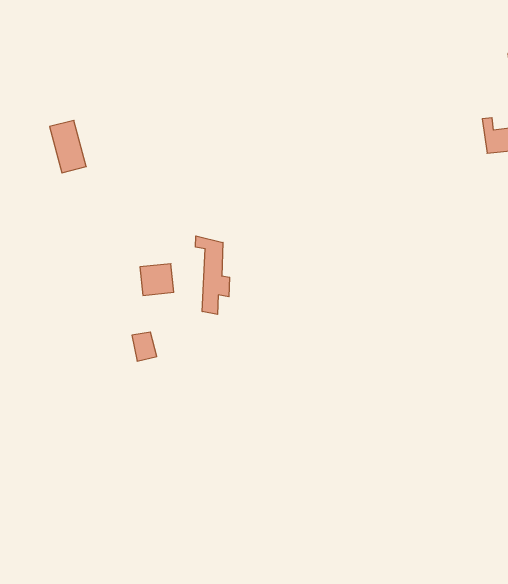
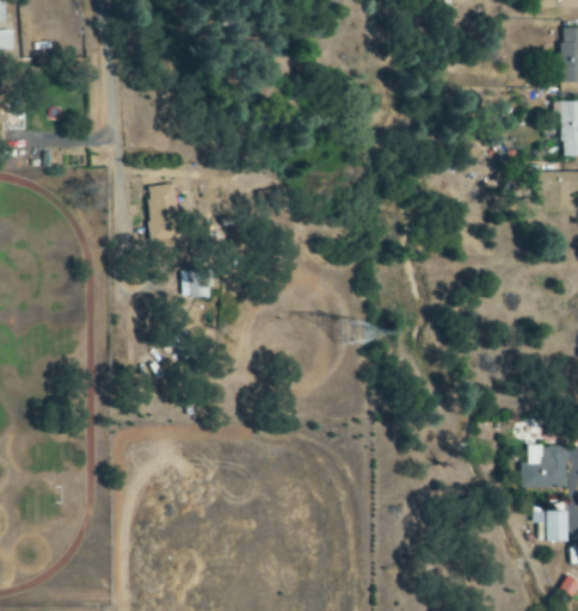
building: [50,120,86,173] -> [148,181,179,230]
building: [196,236,230,314] -> none

